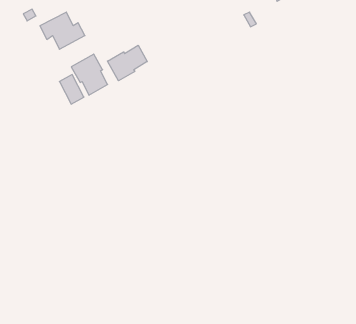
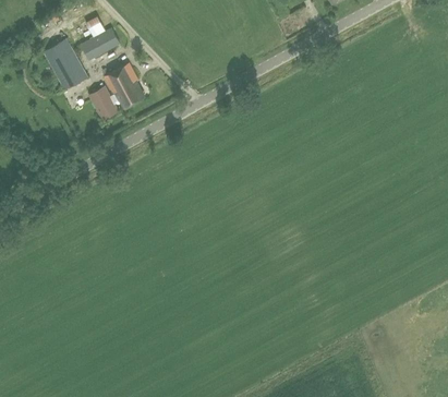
building: none -> [44,39,88,91]
building: [107,45,147,81] -> none

